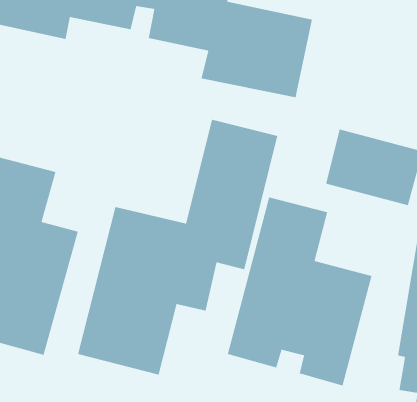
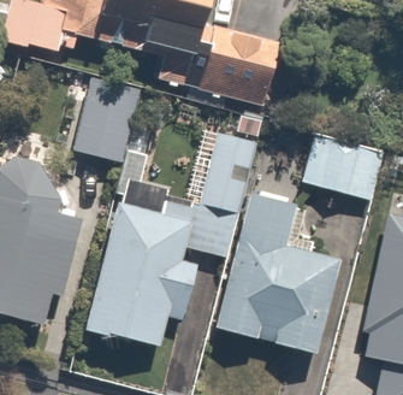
building: none -> [66,75,143,163]

